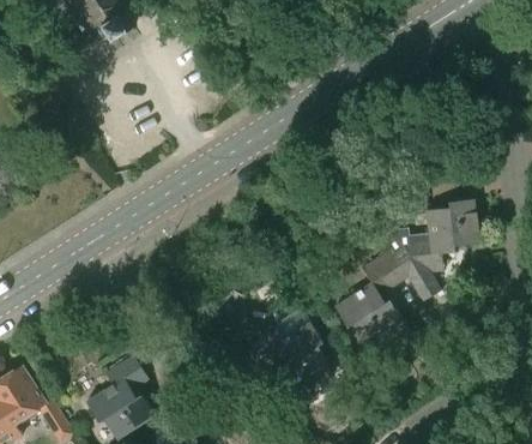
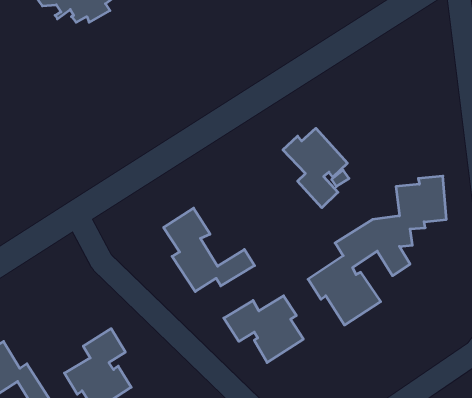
building: none -> [283,128,347,208]
building: none -> [164,208,255,292]

